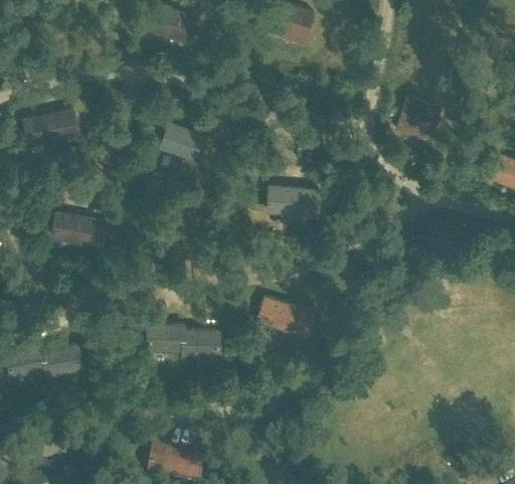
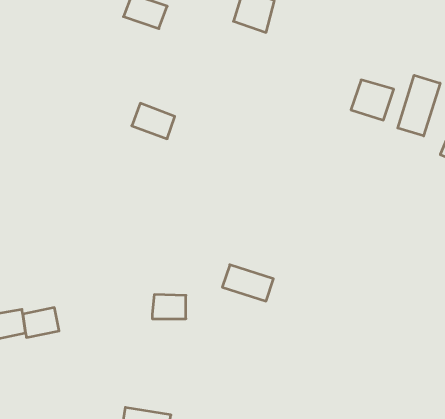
building: none -> [398,75,440,136]
building: [24,111,77,145] -> none
building: [268,187,319,216] -> none
building: [52,213,106,248] -> none
building: [148,326,184,351] -> none

